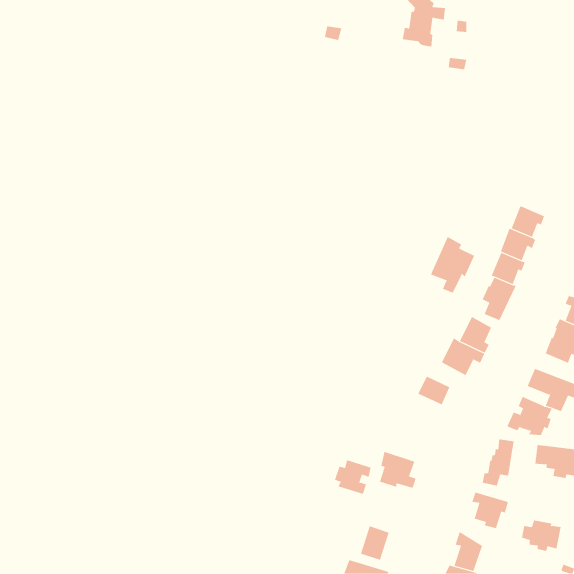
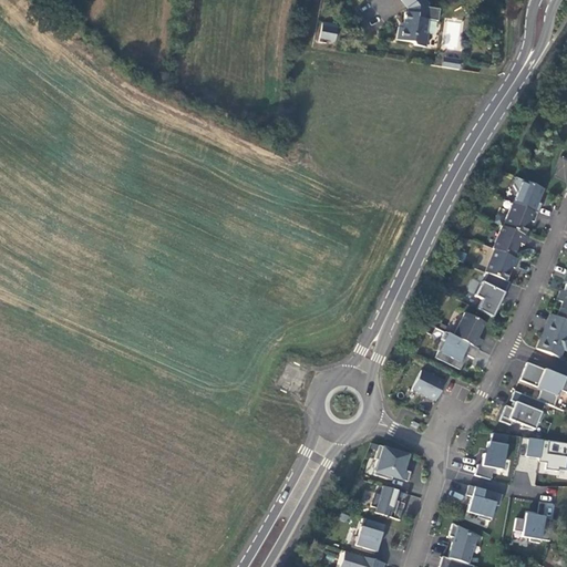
building: none -> [513,177,543,213]
building: [430,236,475,294] -> none
building: [334,460,371,494] -> [371,485,408,519]

